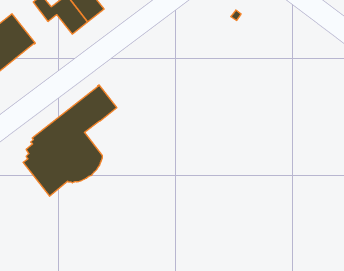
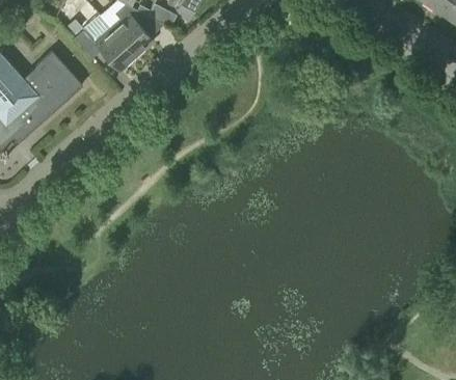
building: [23,85,117,196] -> none

